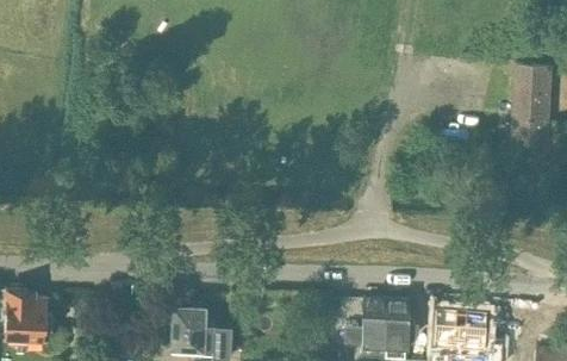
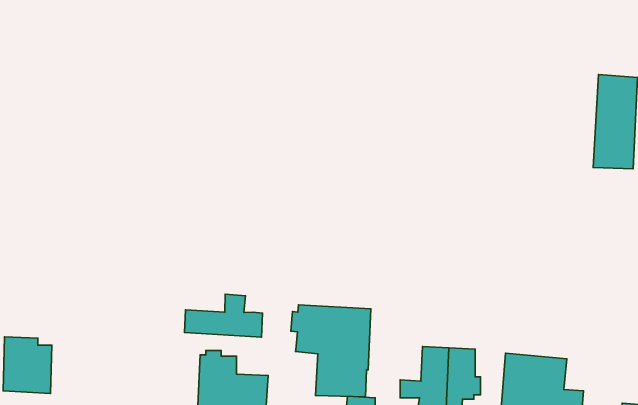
building: none -> [185,294,263,337]
building: none -> [291,305,371,397]

